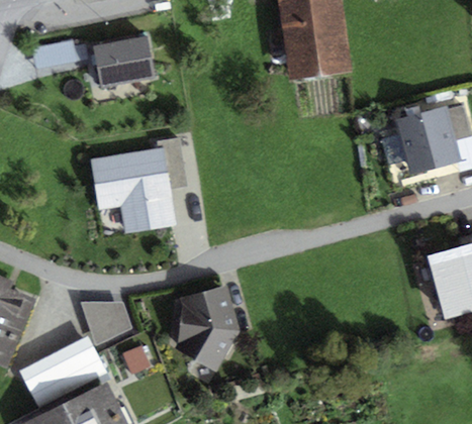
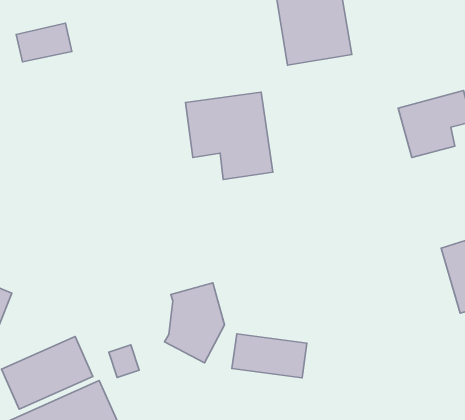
building: [89,35,150,86] -> none
building: [85,148,169,232] -> [185,92,273,179]
building: [79,300,128,342] -> none
building: none -> [232,334,307,378]

